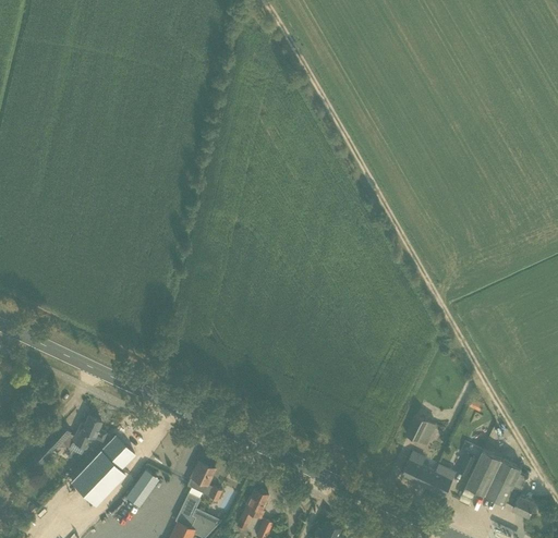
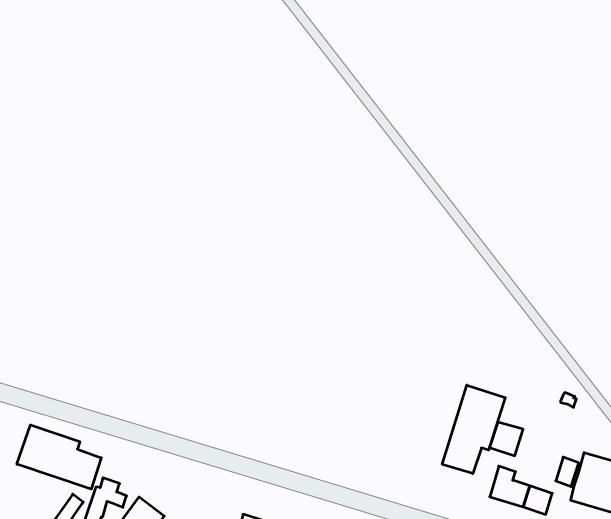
building: none -> [17,425,101,489]
building: none -> [442,385,505,474]

